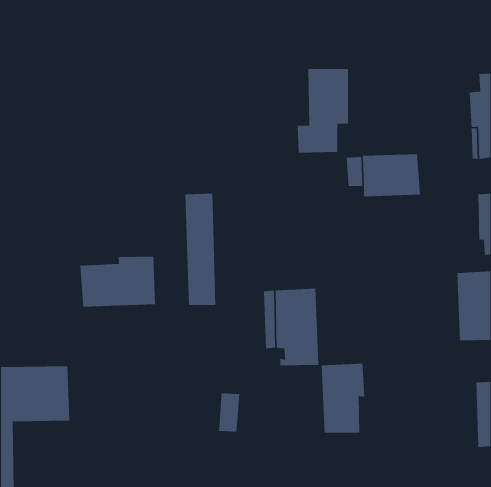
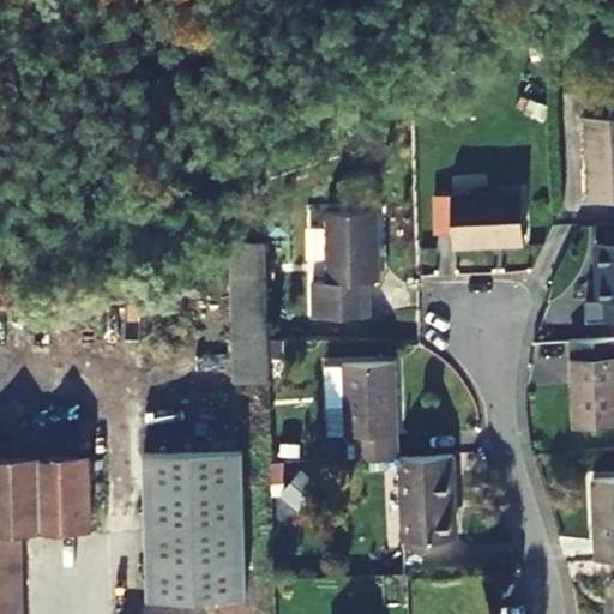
building: [297,69,349,153] -> [313,215,378,320]
building: [80,256,155,307] -> none
building: none -> [144,457,243,604]

